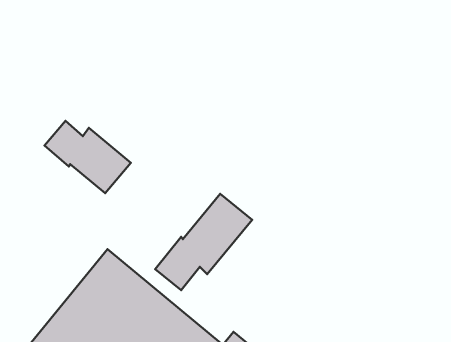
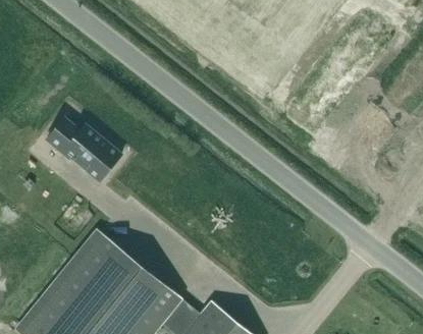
building: [155,194,252,290] -> none

